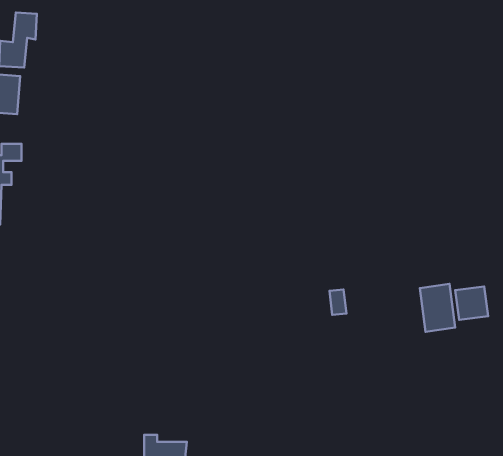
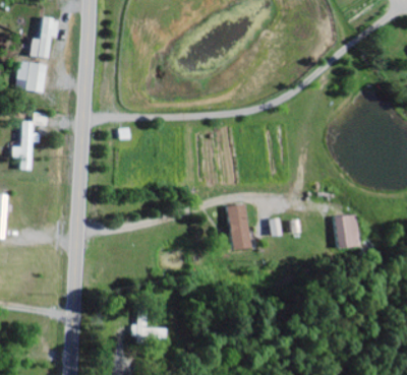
building: none -> [228,203,250,249]
building: [455,287,488,320] -> none

